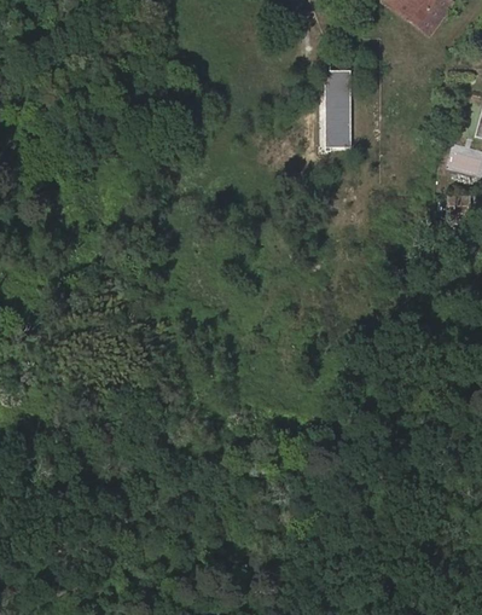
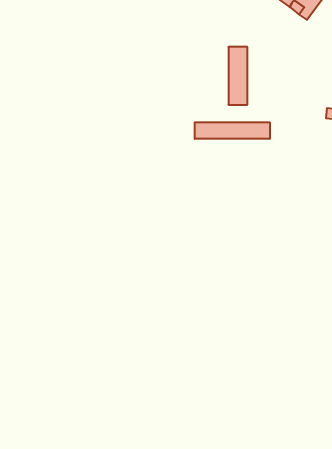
building: none -> [195,122,270,139]

